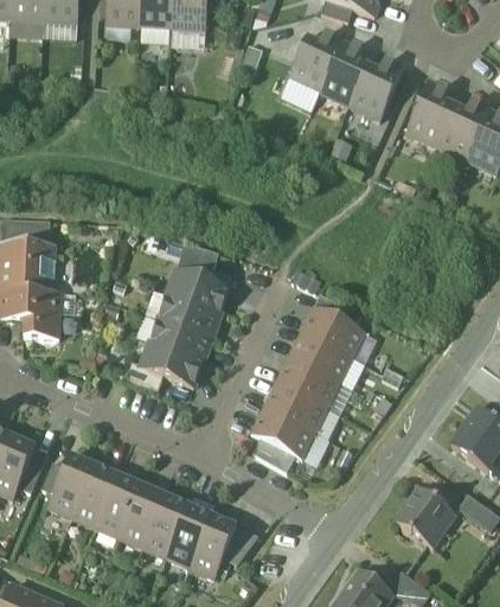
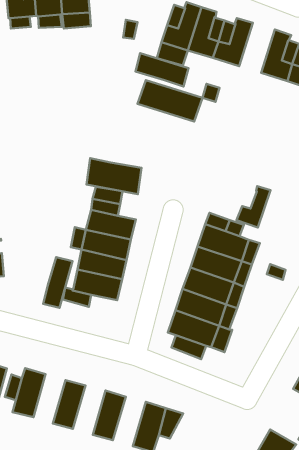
building: none -> [135,53,188,87]
building: none -> [138,80,202,122]
building: none -> [86,158,142,194]
building: none -> [237,186,271,228]
building: none -> [43,257,73,308]
building: [72,466,117,528] -> none
building: [118,486,165,548] -> none
building: [166,506,212,568] -> none

